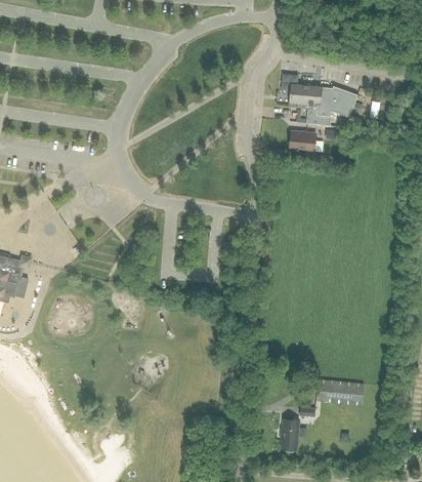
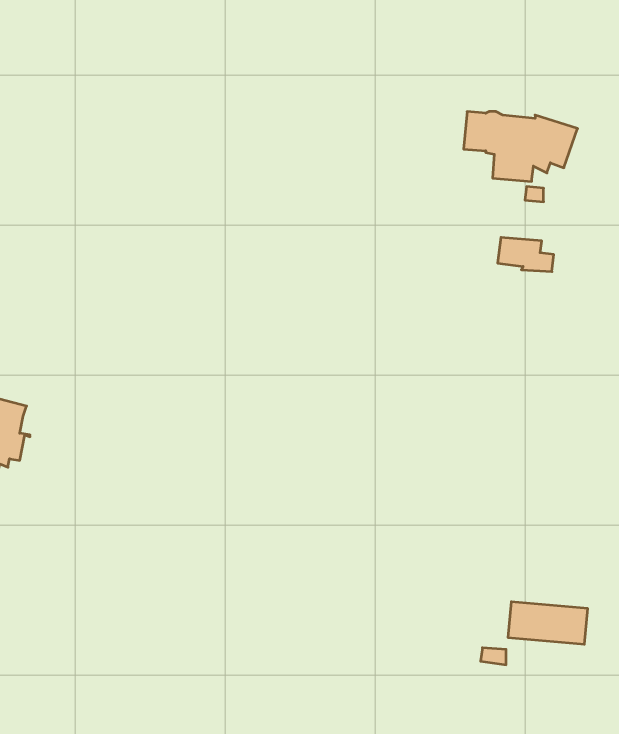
building: [289,130,323,151] -> [498,237,554,272]
building: [281,418,306,448] -> none

